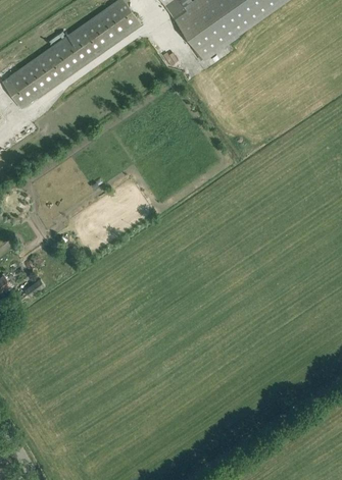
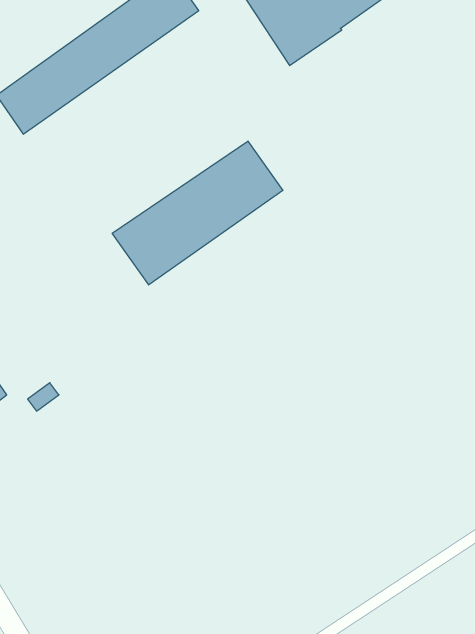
building: none -> [112,141,283,285]

